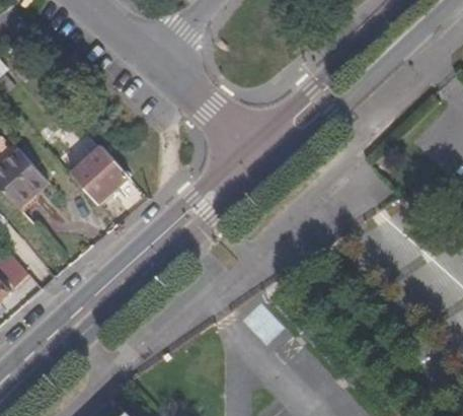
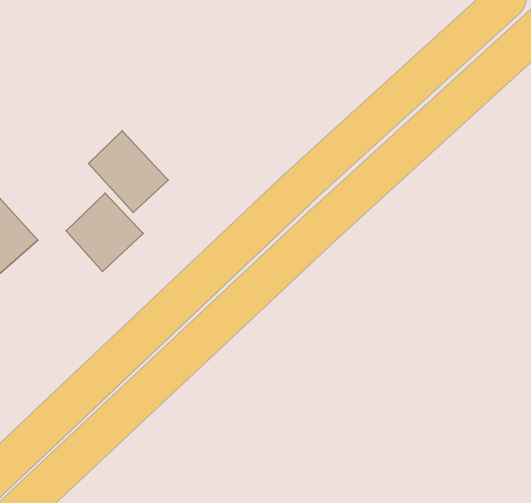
building: none -> [89,131,168,213]

